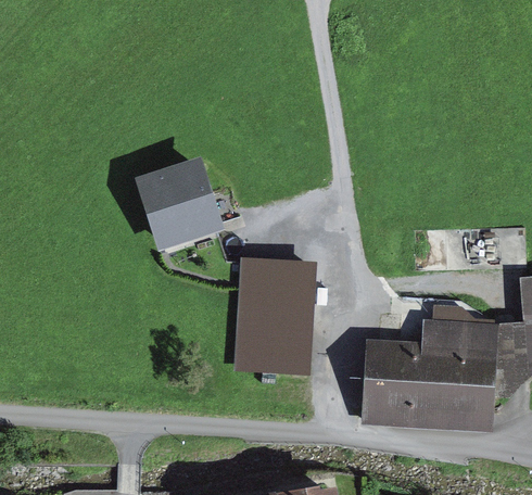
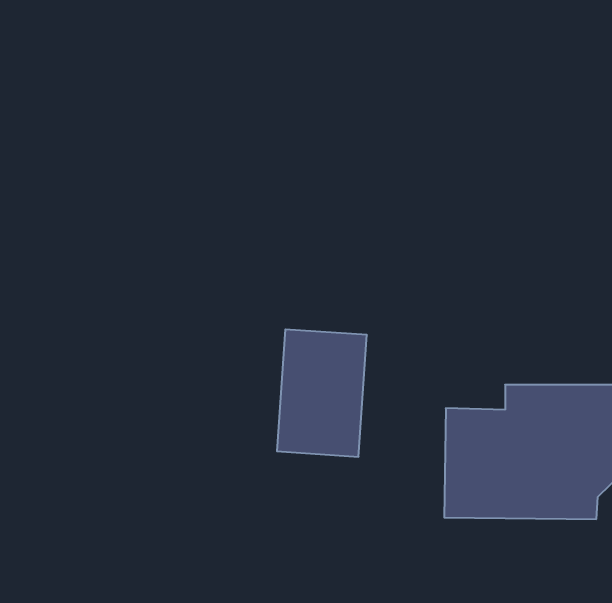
building: [140,170,218,252] -> none

